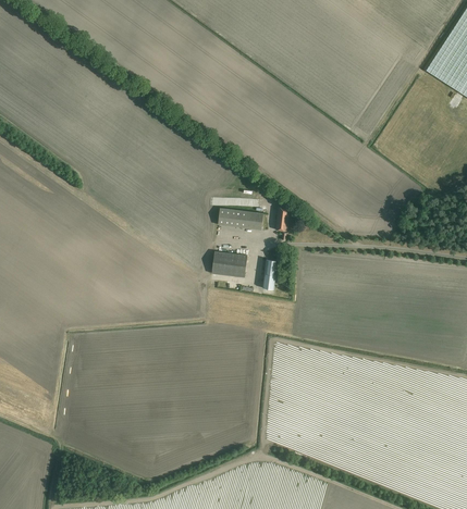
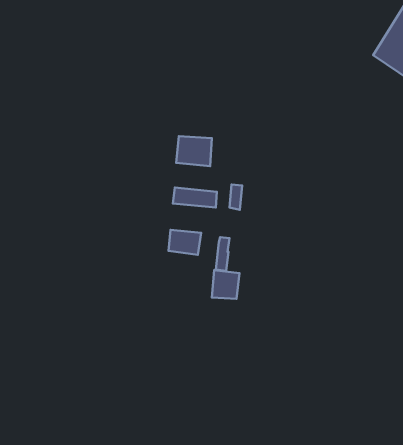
building: none -> [176,136,212,166]
building: none -> [212,270,240,299]

